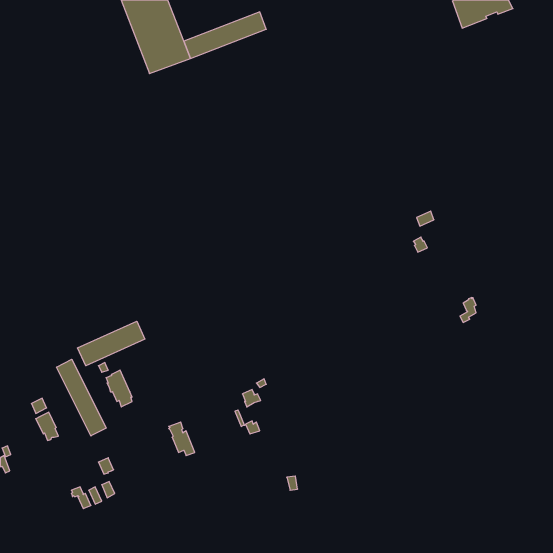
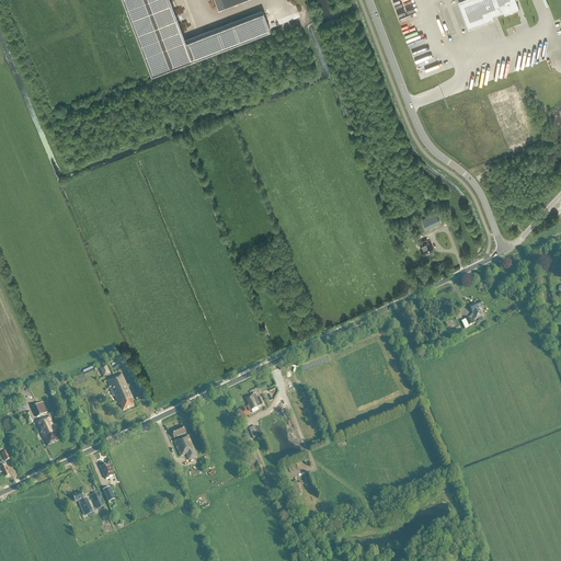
building: [78,321,145,366] -> none
building: [57,359,106,436] -> none

